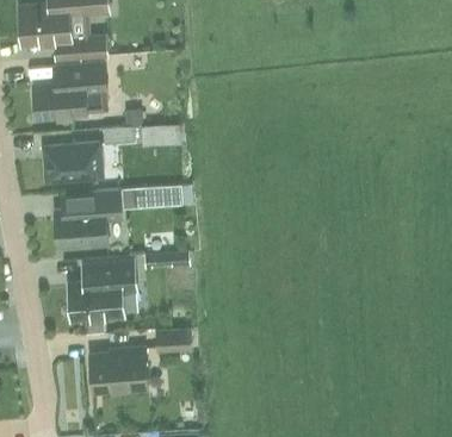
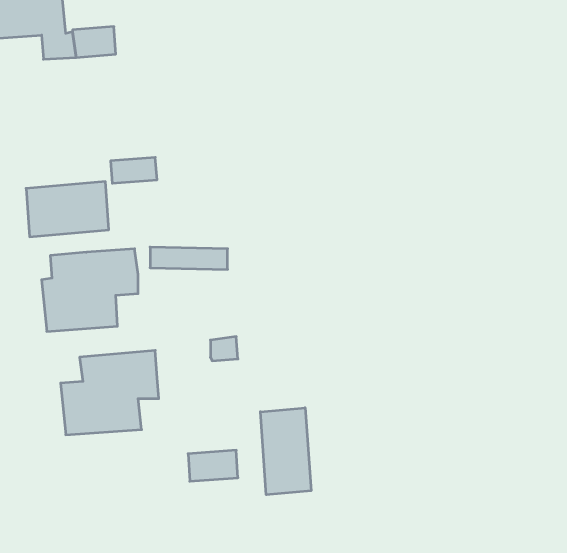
building: [33,63,106,117] -> none
building: none -> [260,408,311,495]
building: [89,348,148,392] -> none

